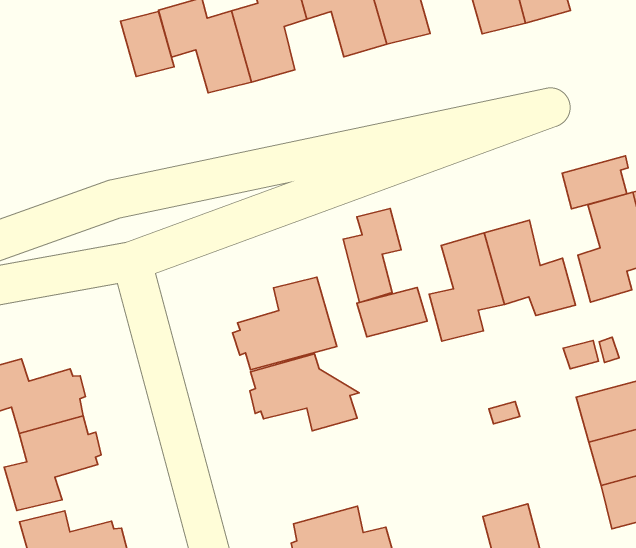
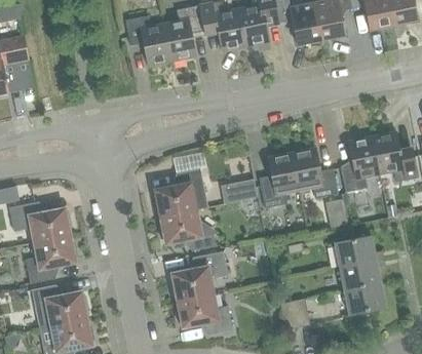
building: [120,12,174,76] -> none
building: [562,156,628,209] -> none
building: [343,208,401,302] -> none
building: none -> [169,250,228,300]

